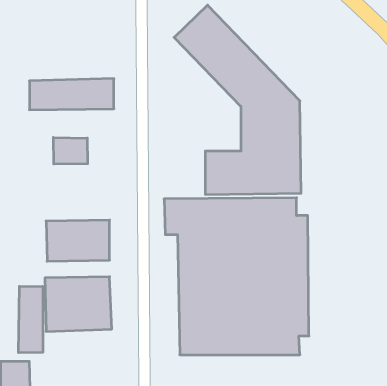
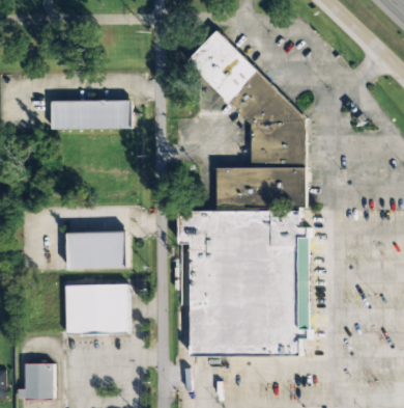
building: [53,137,88,164] -> none
building: [19,286,43,353] -> none

